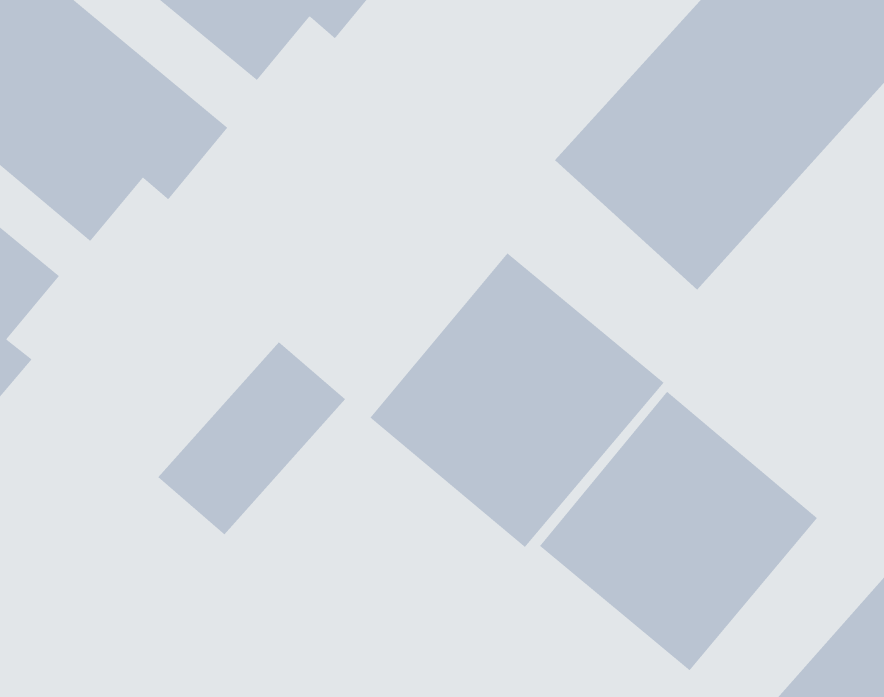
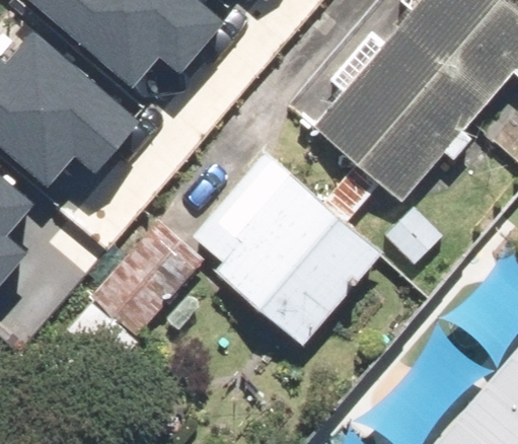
building: [539,391,818,671] -> none

